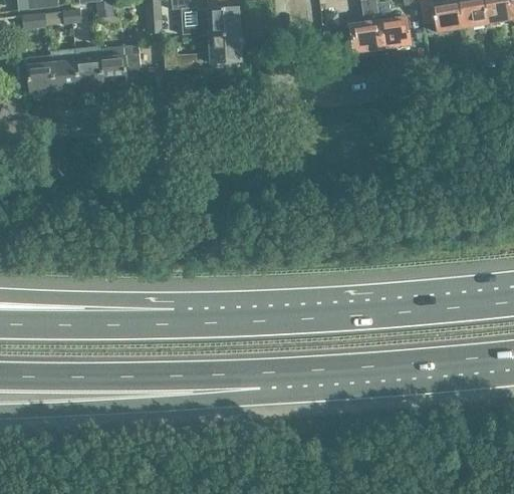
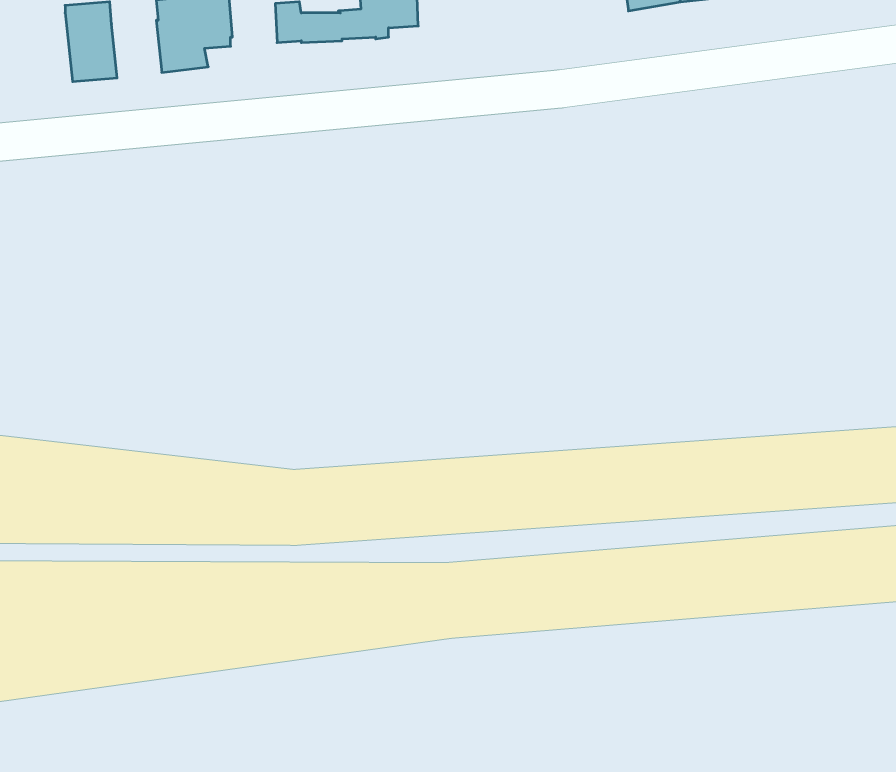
building: [19,53,54,93] -> none
building: [75,57,102,88] -> none

